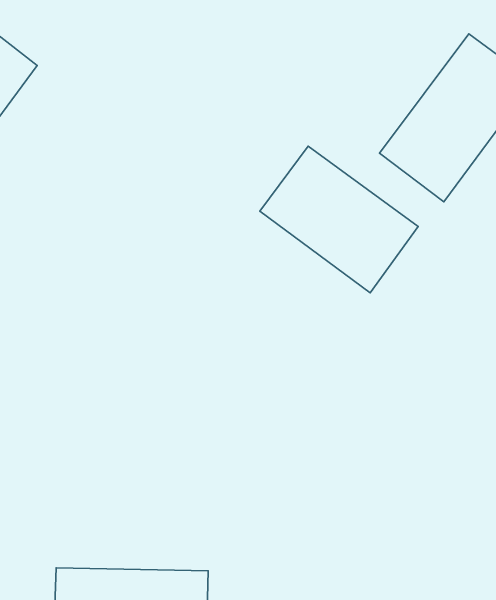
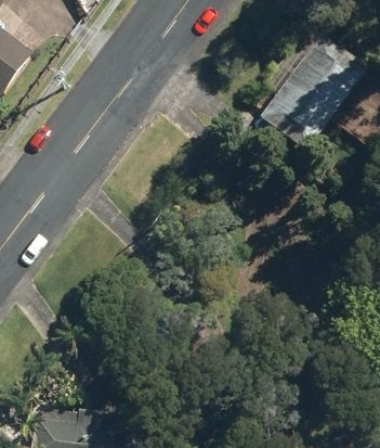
building: [260,146,418,293] -> none

